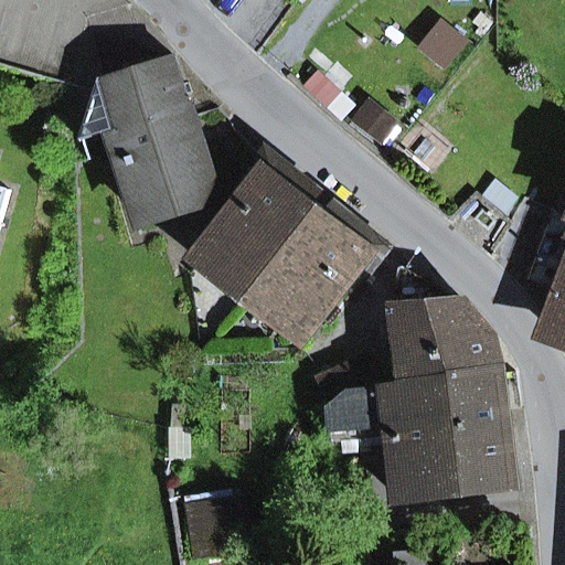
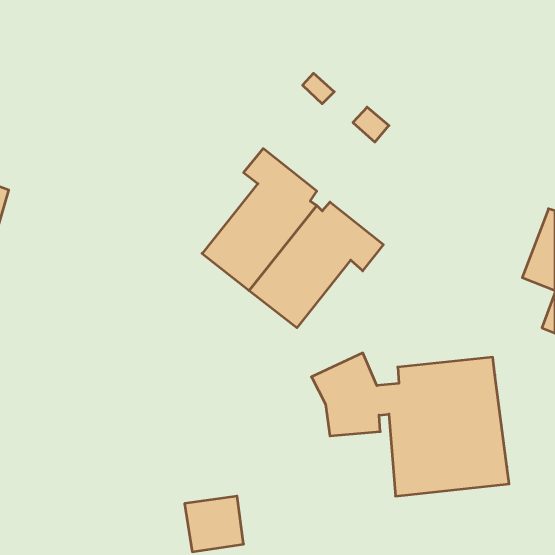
building: [79,61,217,225] -> none
building: [395,273,498,374] -> none

